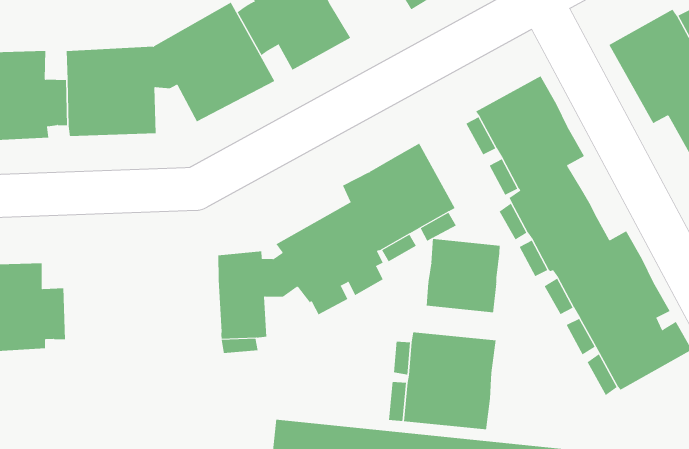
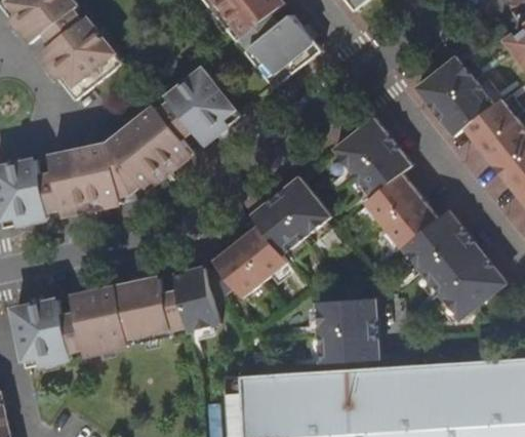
building: [426,238,500,313] -> none
building: none -> [73,277,188,354]

